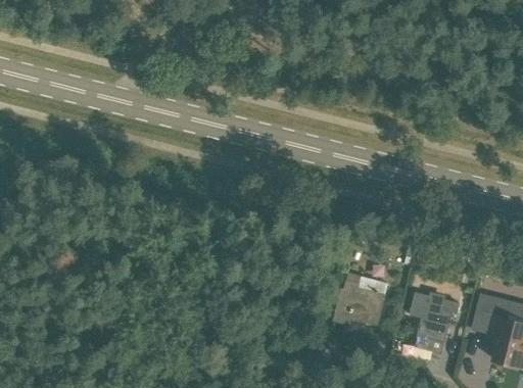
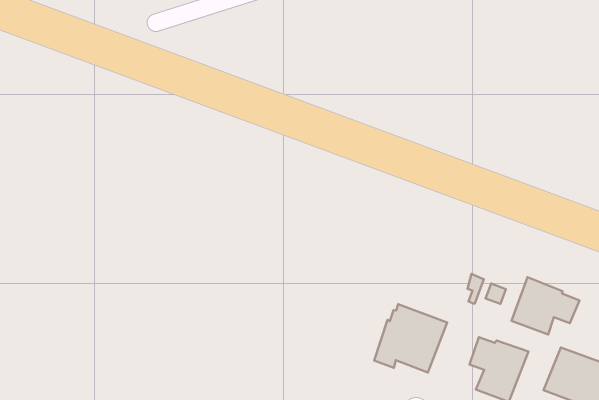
building: none -> [512,277,580,335]

